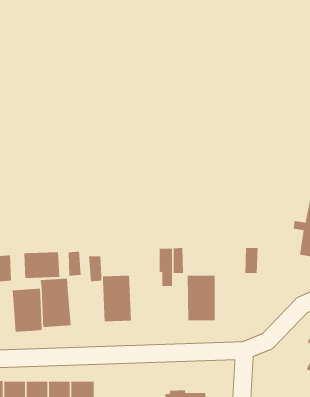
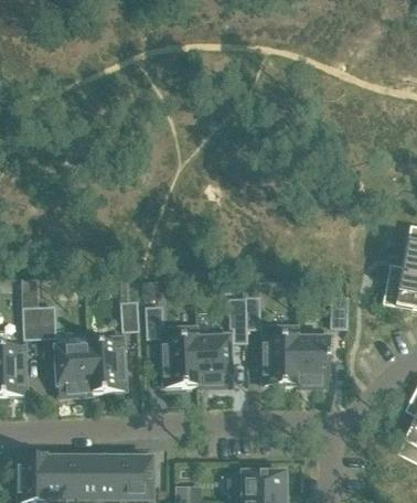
building: [24,252,60,279] -> none
building: none -> [195,328,232,386]
building: none -> [297,329,330,386]

